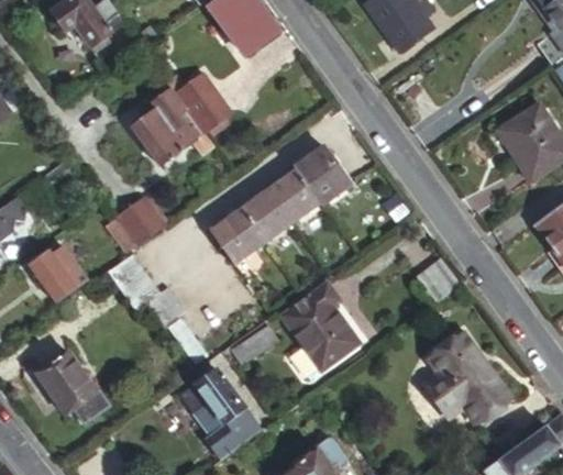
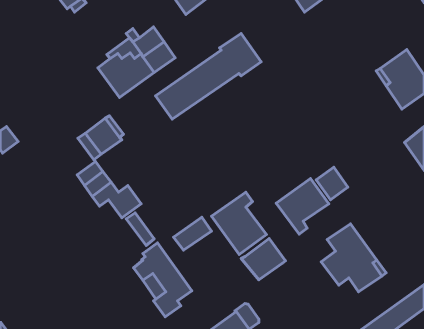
building: [209,148,349,262] -> [156,34,261,119]
building: [26,250,86,303] -> none
building: none -> [276,178,329,234]
building: [32,347,108,422] -> none
building: none -> [241,239,285,280]

